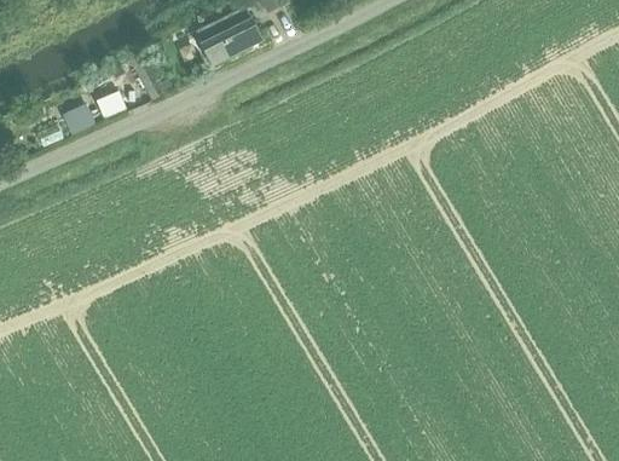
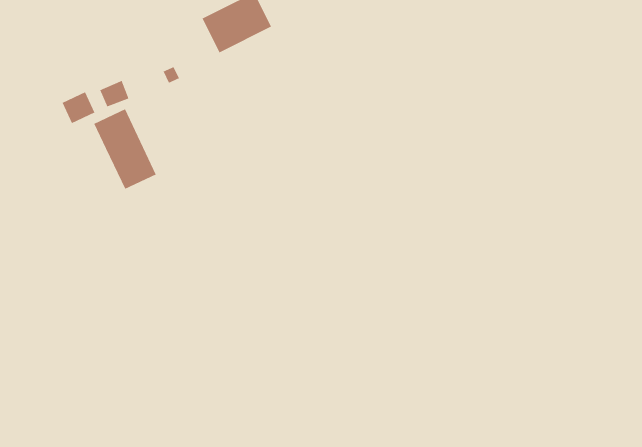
building: none -> [93,108,157,190]

